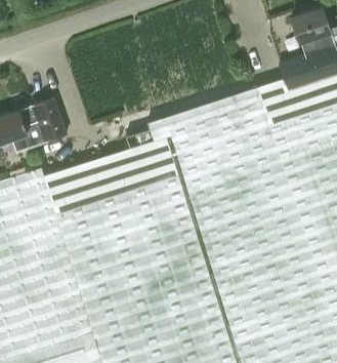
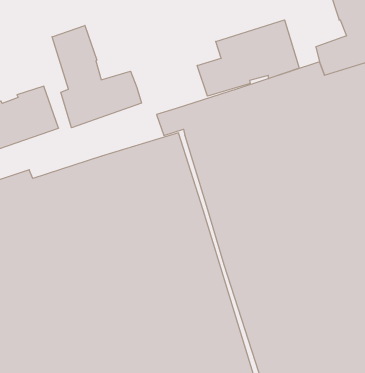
building: none -> [197,20,299,96]
building: none -> [52,25,142,128]

